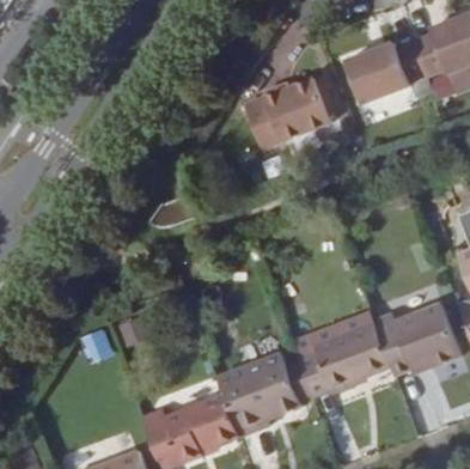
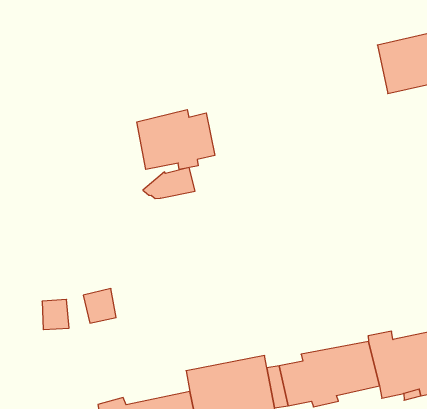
building: [261,77,330,139] -> none
building: none -> [137,110,215,169]

